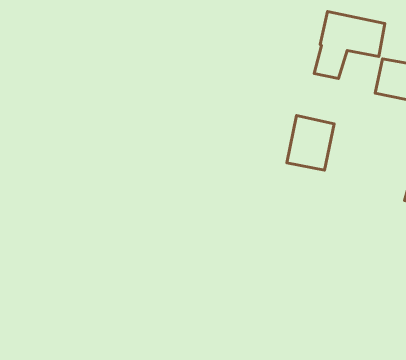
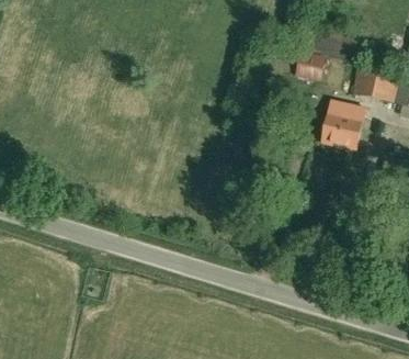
building: [287,115,334,170] -> [321,102,364,152]

